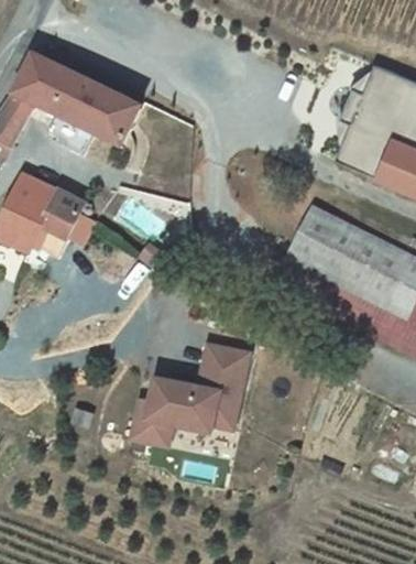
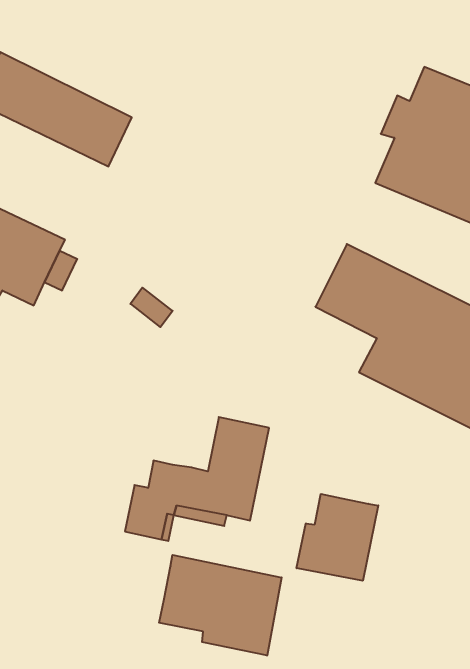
building: none -> [297,494,378,581]
building: none -> [159,555,282,656]

